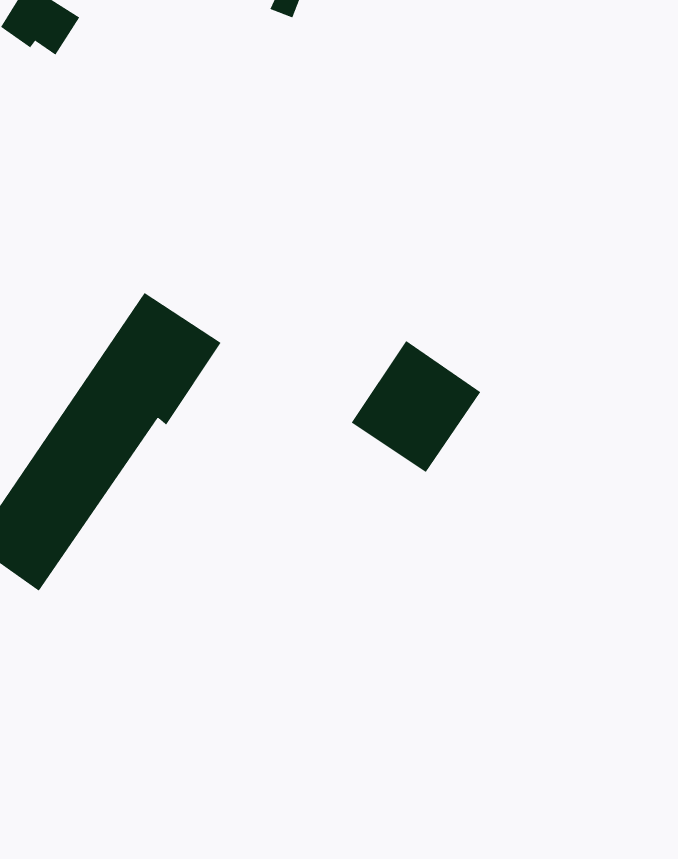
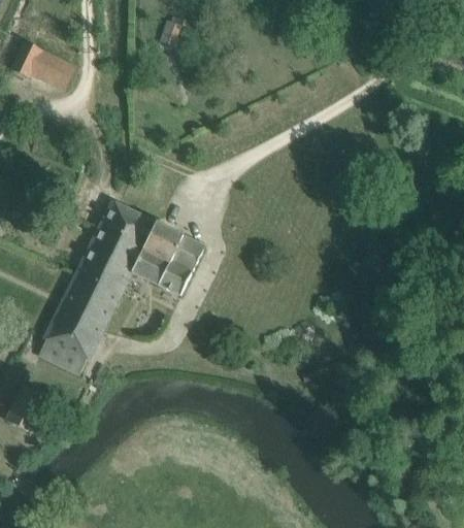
building: [351,340,481,473] -> [135,224,204,295]

